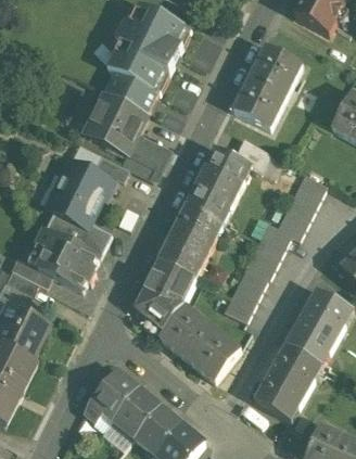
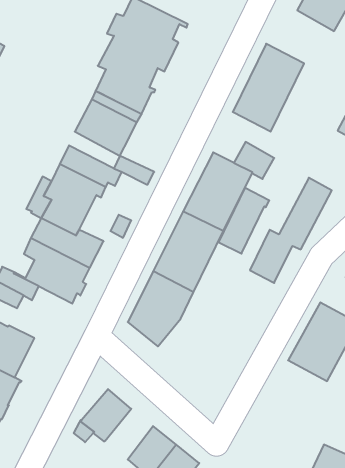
building: [127,136,167,167] -> none
building: [225,259,272,321] -> [218,188,269,254]
building: [160,305,240,381] -> none
building: [255,344,322,420] -> none
building: [113,390,158,437] -> none

